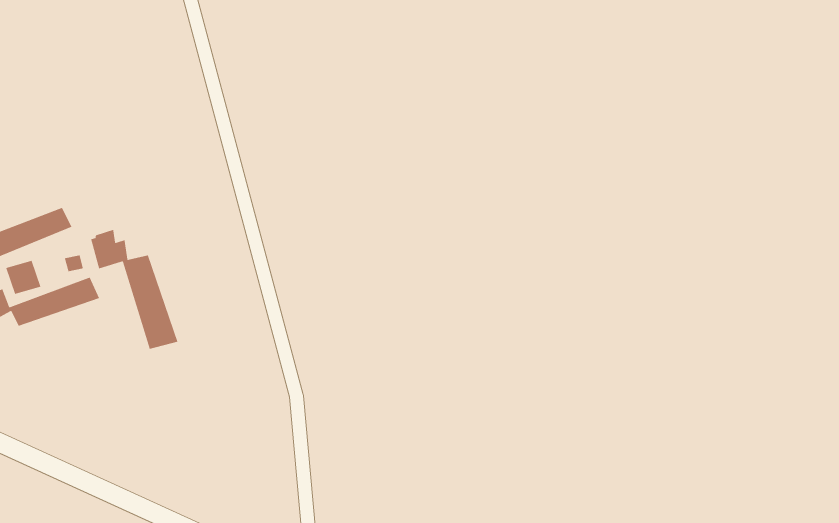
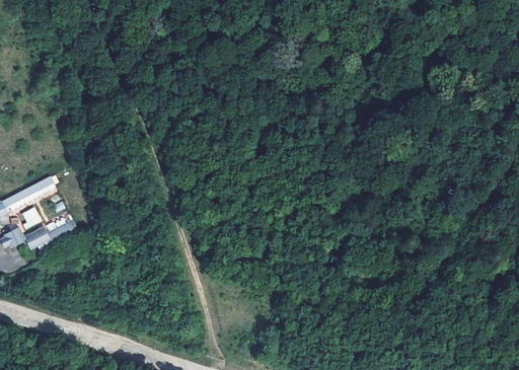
building: [90,229,179,350] -> none

